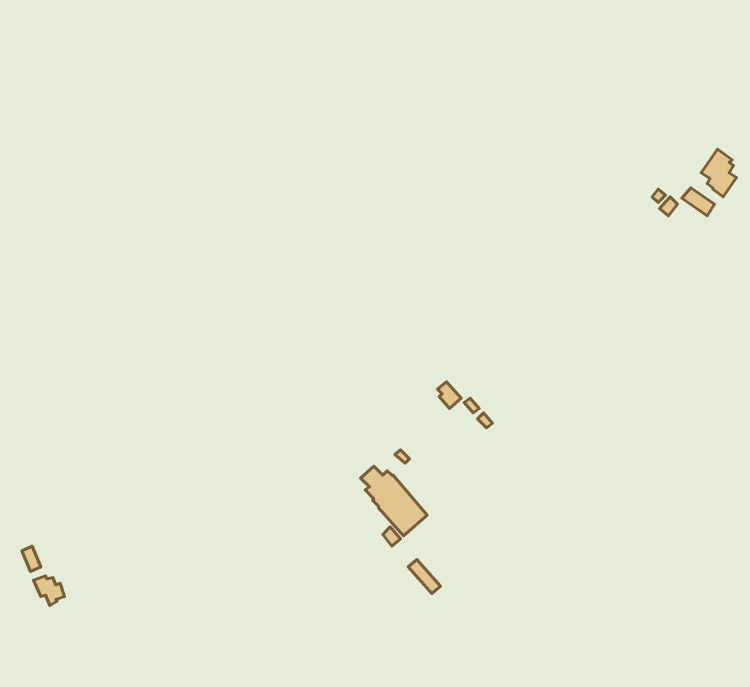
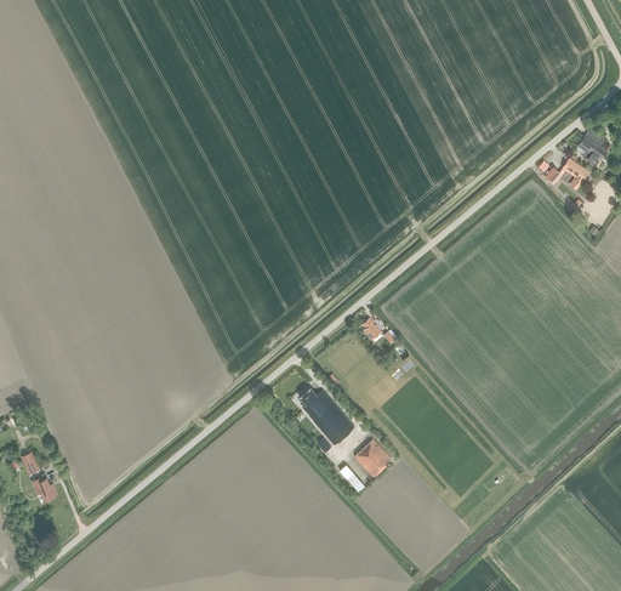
building: none -> [353,437,392,477]

